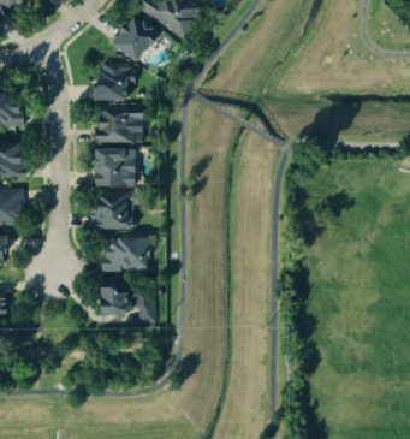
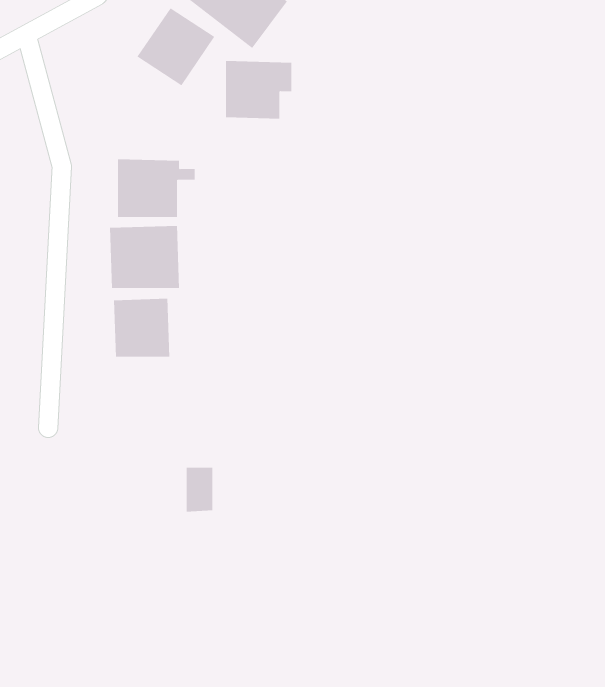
building: [95,65,136,101] -> [225,60,292,119]
building: [101,238,148,273] -> none
building: [96,280,127,314] -> none

